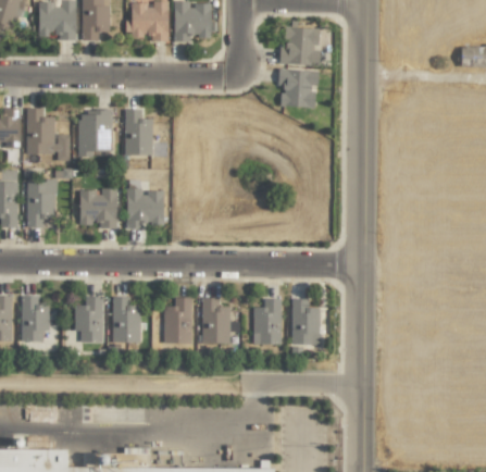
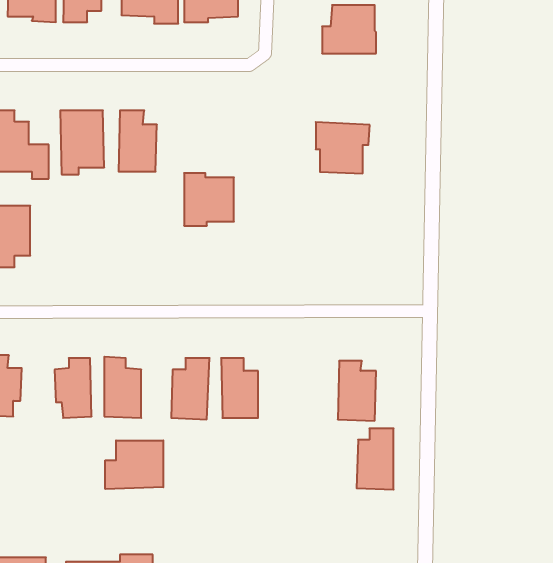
building: [277,70,319,109] -> [316,122,370,173]
building: [125,189,163,229] -> [184,173,234,226]
building: [79,190,116,229] -> none
building: [252,299,281,346] -> [357,428,394,490]
building: none -> [105,440,163,489]

